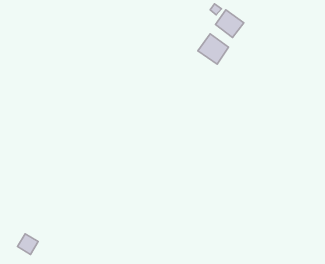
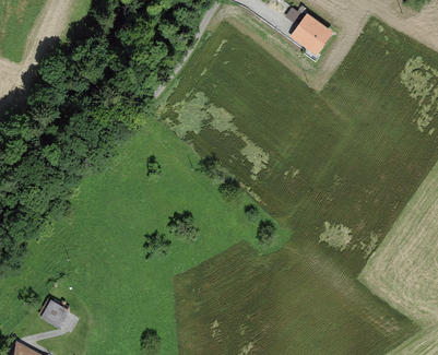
building: [198,34,229,64] -> none

